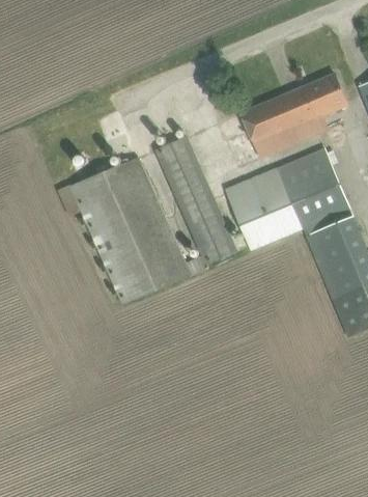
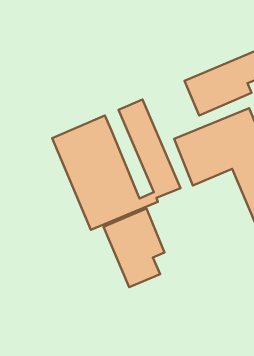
building: none -> [103,209,165,287]

